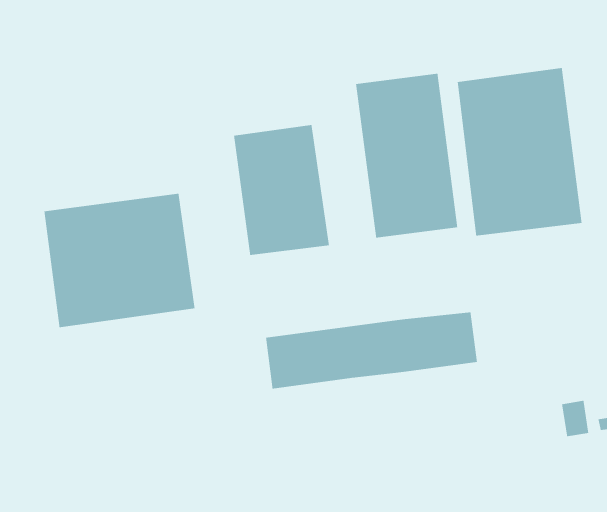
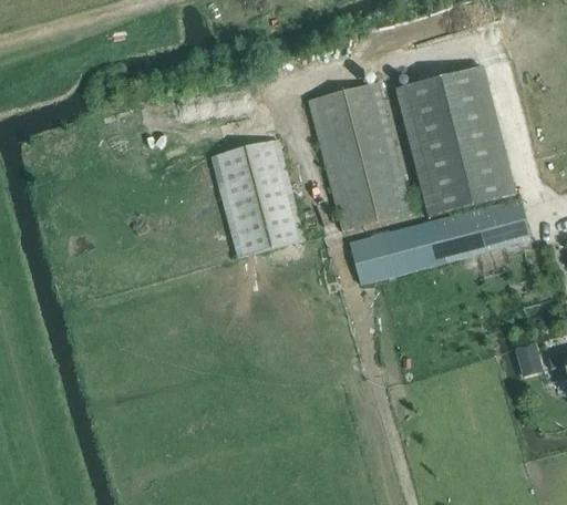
building: [44,193,196,328] -> none
building: [265,312,478,389] -> [349,196,530,282]

